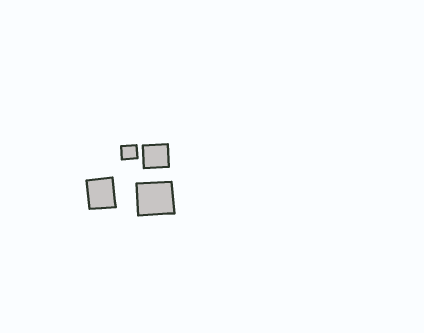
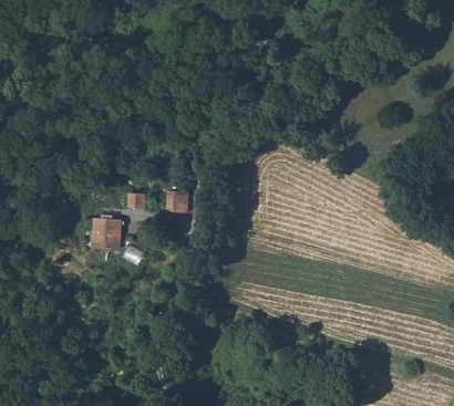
building: [136,182,175,215] -> none

